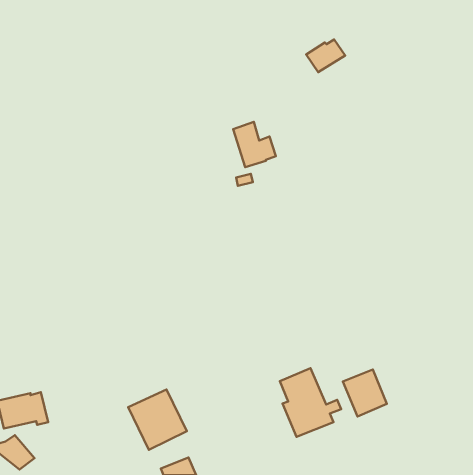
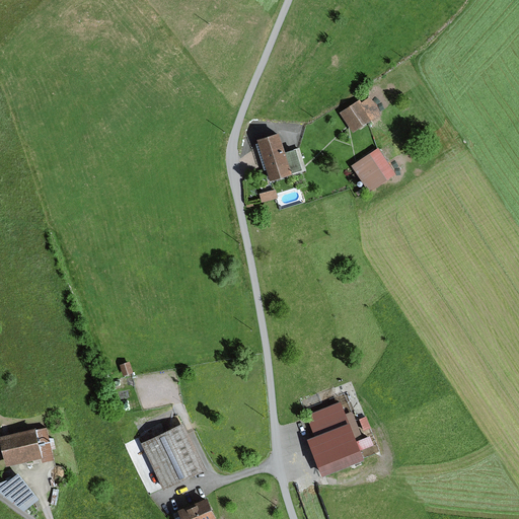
building: [306,40,345,72] -> [338,97,380,133]
building: none -> [349,148,394,193]
building: [343,369,387,417] -> none

